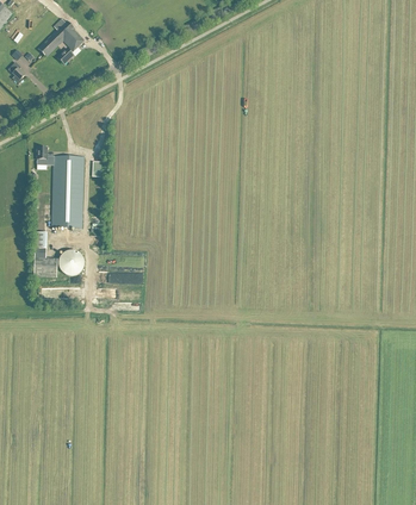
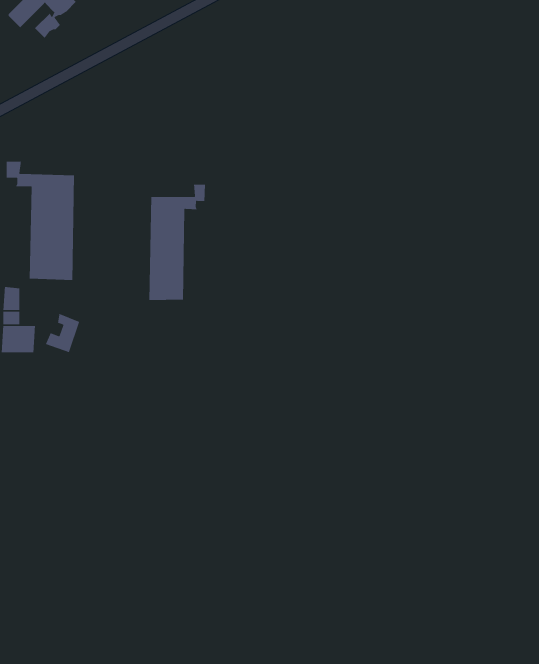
building: none -> [149,184,206,301]

